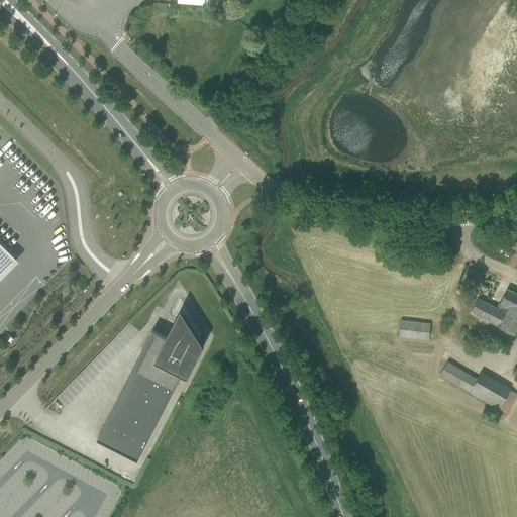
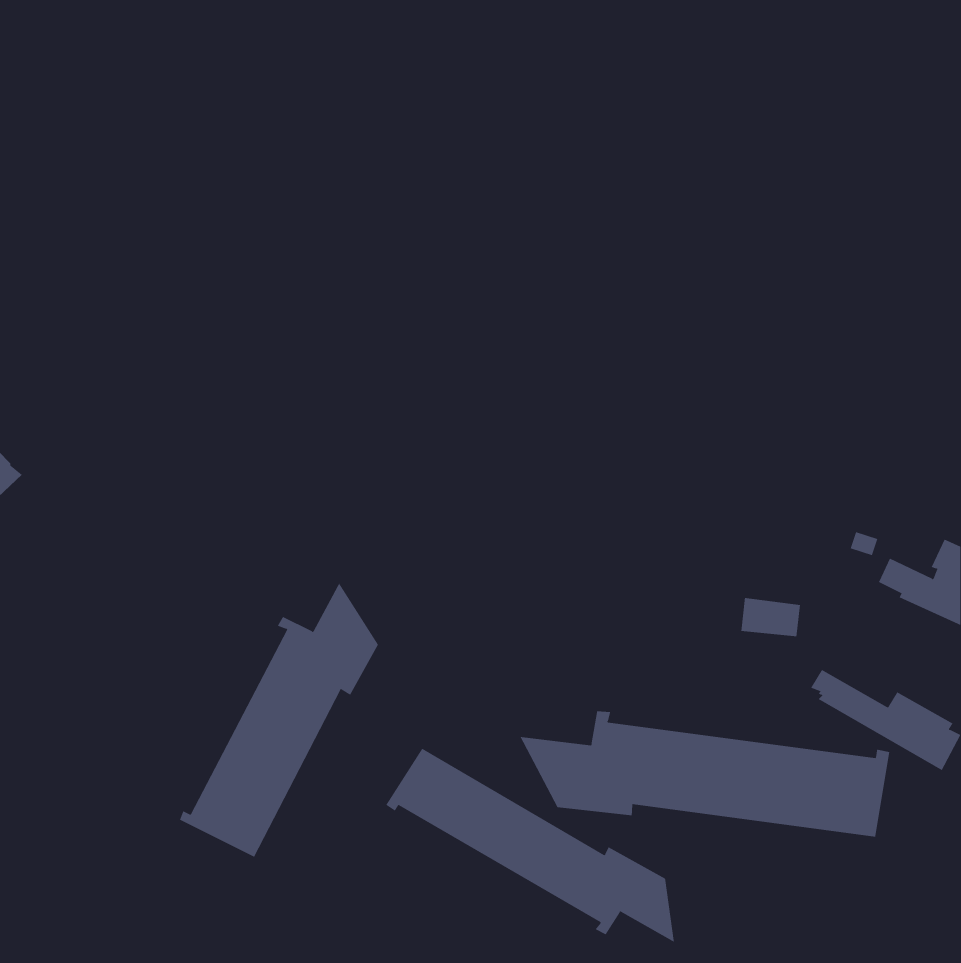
building: none -> [519,710,890,838]
building: none -> [386,748,675,943]

